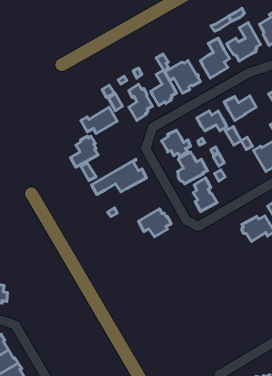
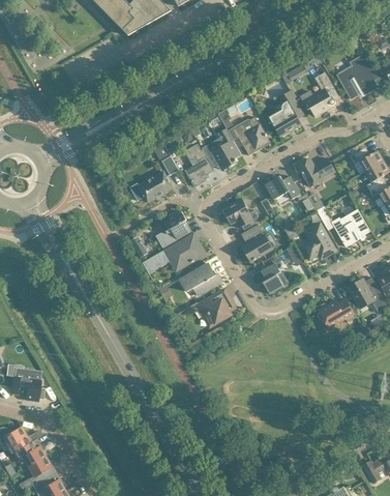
building: [71,136,98,167] -> [157,211,189,247]
building: none -> [300,223,336,259]
building: none -> [180,263,222,291]

